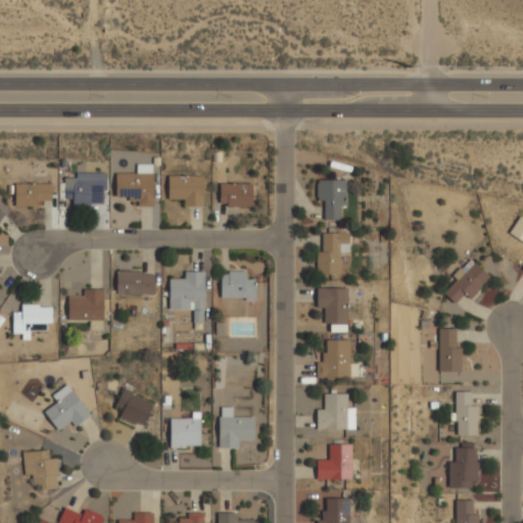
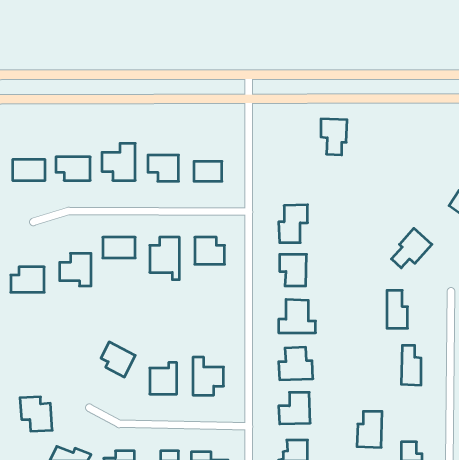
building: [319,181,348,222] -> [321,119,347,155]
building: [46,384,92,430] -> none
building: [449,448,478,489] -> [357,411,382,447]

